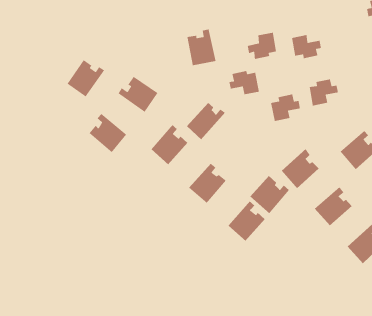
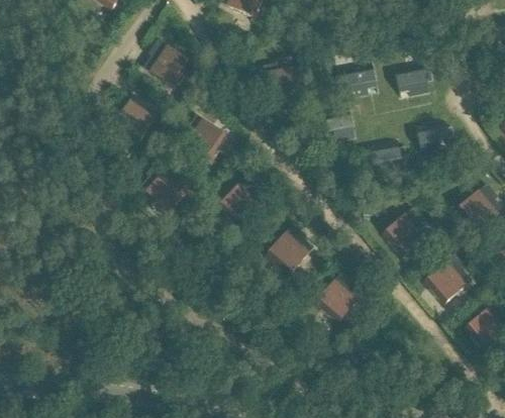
building: none -> [144,38,194,88]
building: [186,102,226,140] -> none
building: [250,175,290,214] -> none

